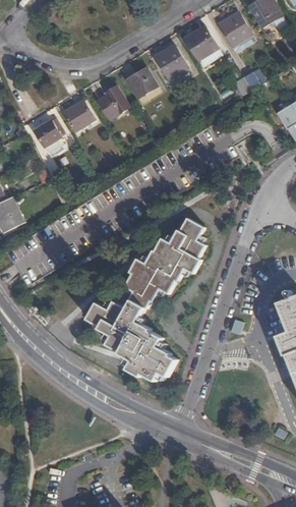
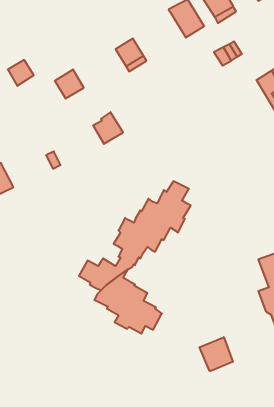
building: [154,44,186,77] -> none
building: [96,86,127,119] -> [93,112,123,144]
building: [32,120,59,148] -> [8,60,34,86]
building: none -> [200,337,233,371]

